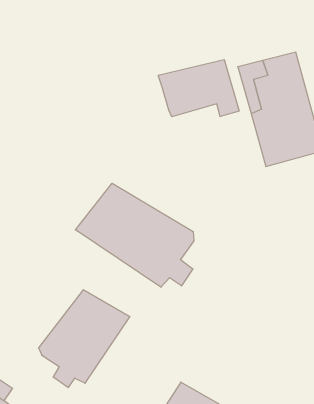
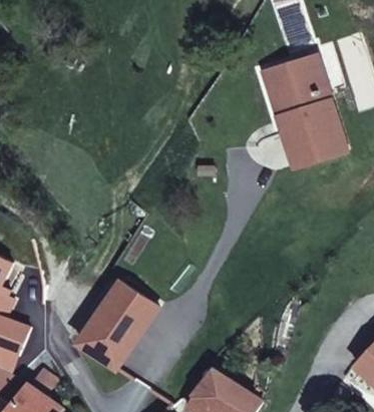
building: [158,60,239,117] -> none
building: [75,183,194,287] -> none

